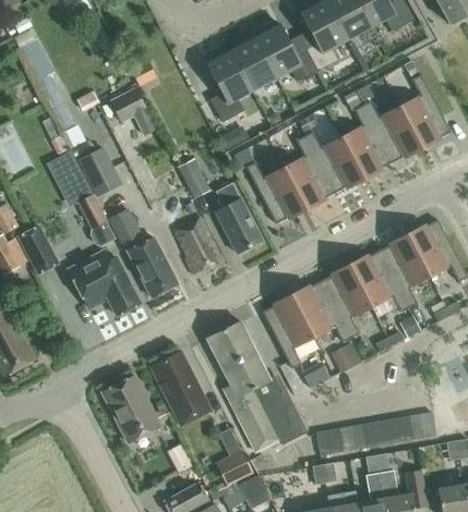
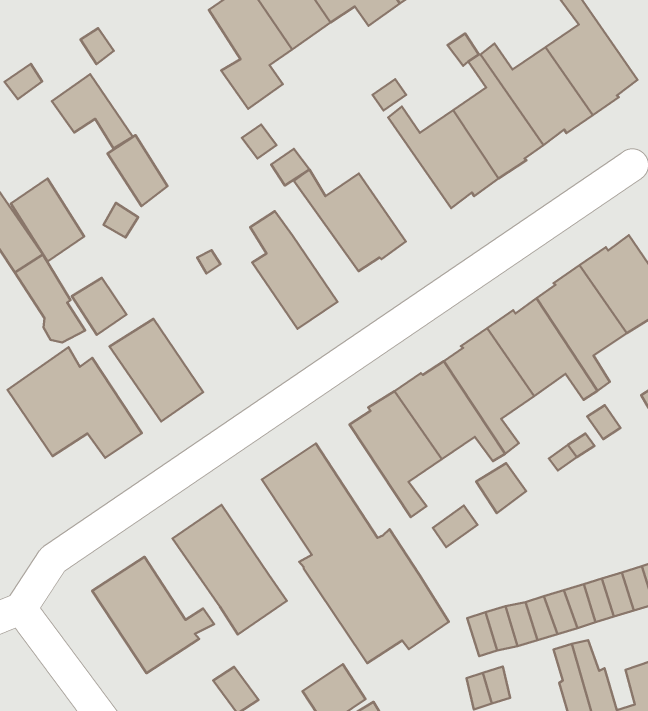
building: [284,136,335,209] -> none
building: [178,158,211,199] -> [107,135,168,206]
building: [173,215,224,275] -> none

